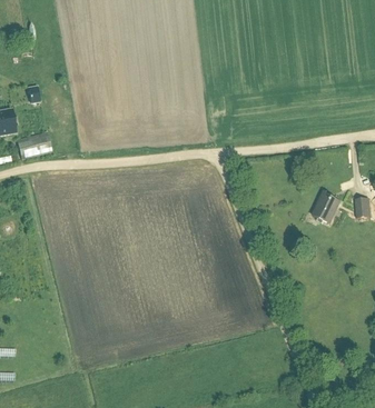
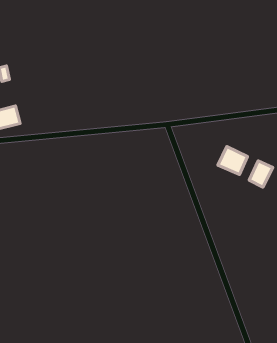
building: none -> [218,146,247,174]

